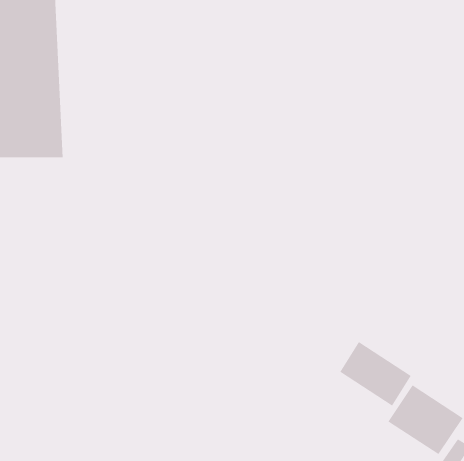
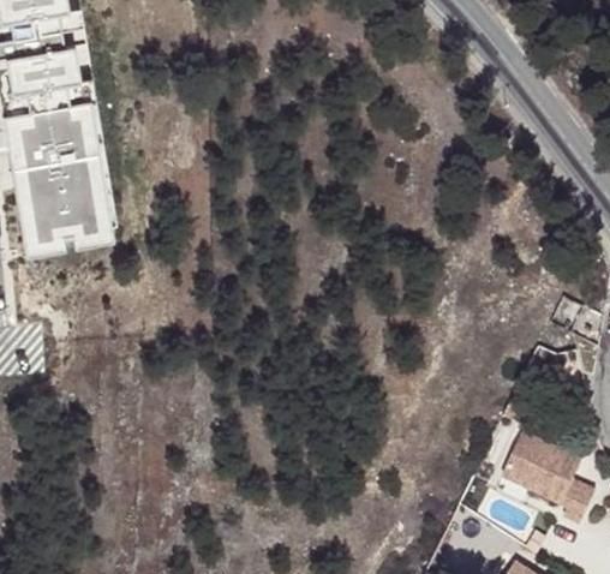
building: [339,341,411,407] -> none

